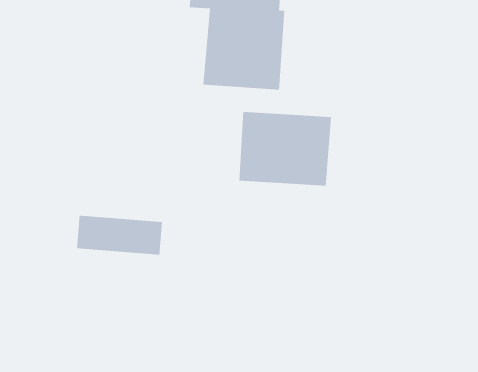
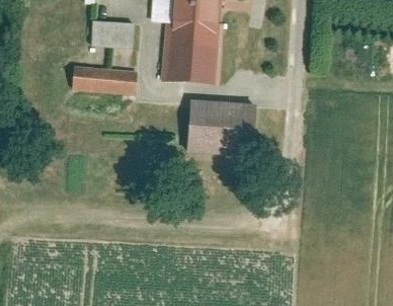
building: none -> [90,19,133,47]
building: [76,215,163,255] -> [71,64,137,94]

